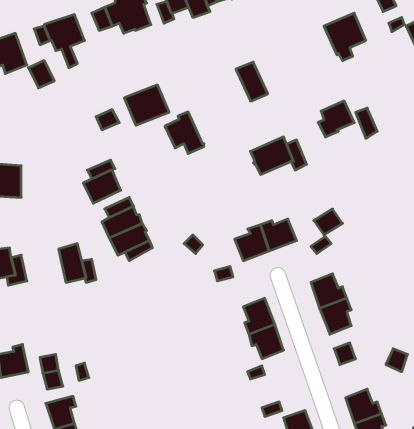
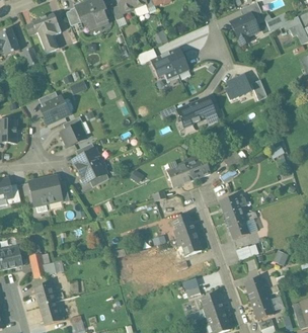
building: [124,85,169,125] -> [38,96,70,124]
building: [165,112,204,154] -> [151,53,178,82]
building: none -> [28,179,48,212]

